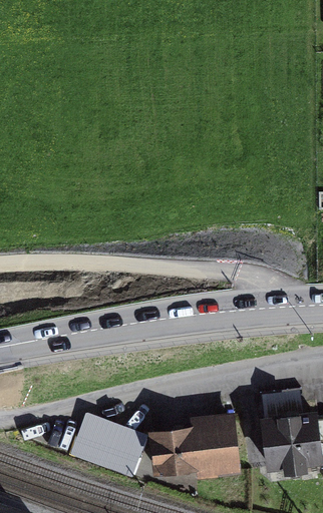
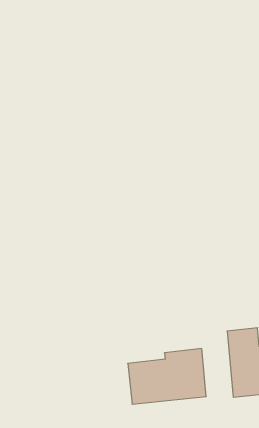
building: [70,412,143,473] -> none

